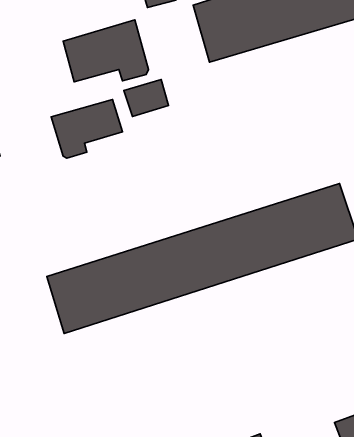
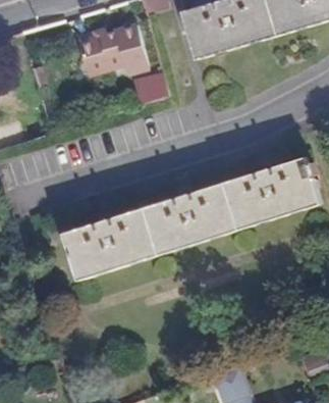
building: [51,100,122,158] -> none

